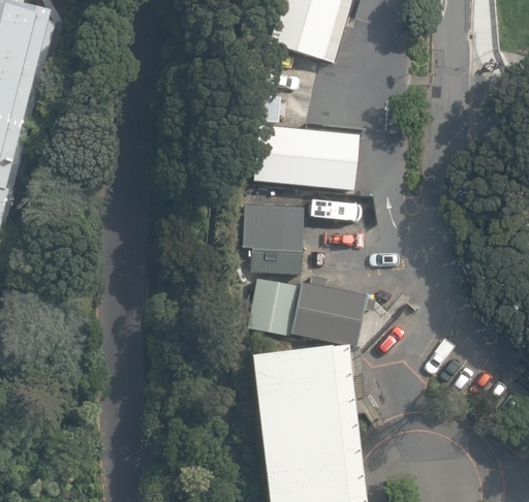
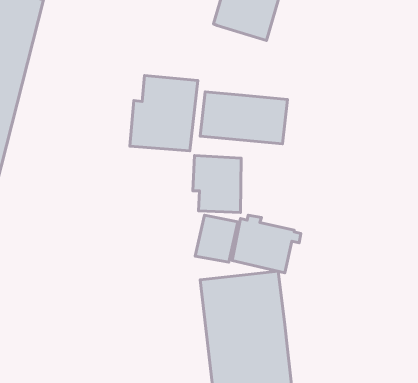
building: none -> [130,76,198,151]

